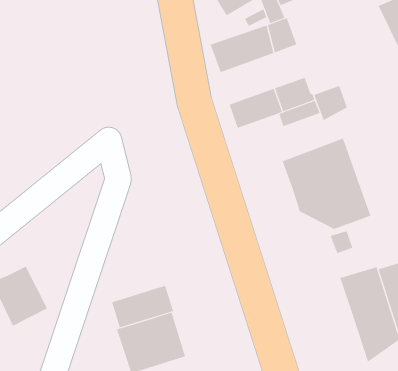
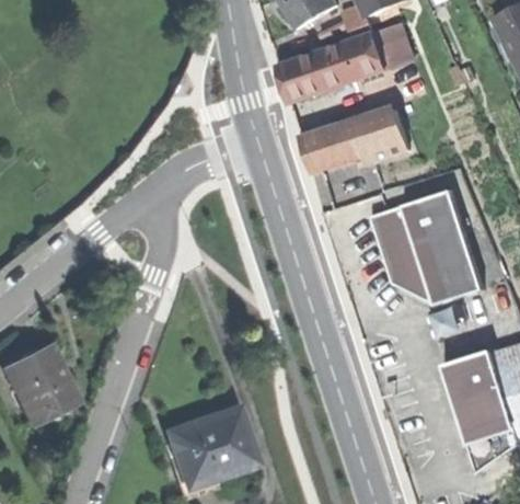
building: none -> [375,21,415,66]
building: [314,85,348,121] -> none
building: [111,285,174,328] -> none

